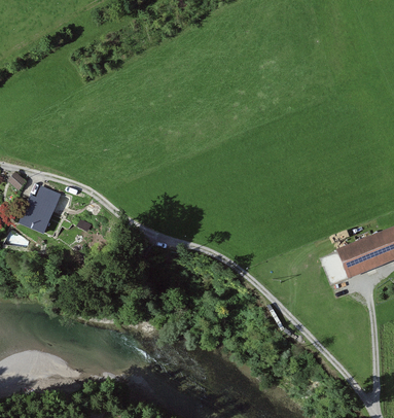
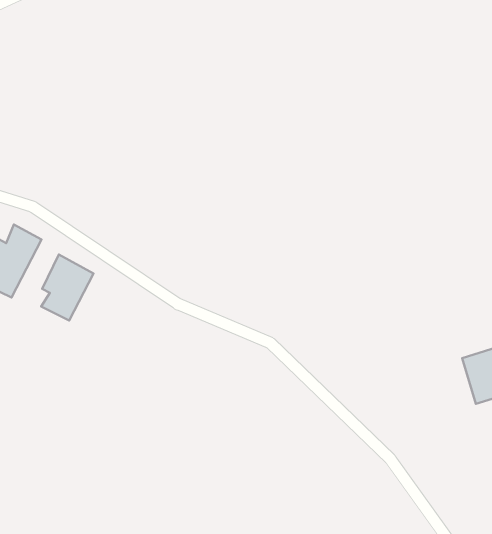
building: none -> [41,255,93,320]

